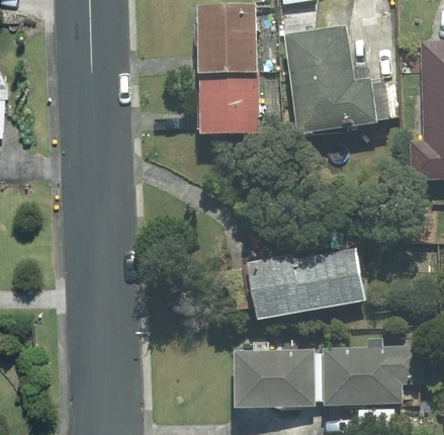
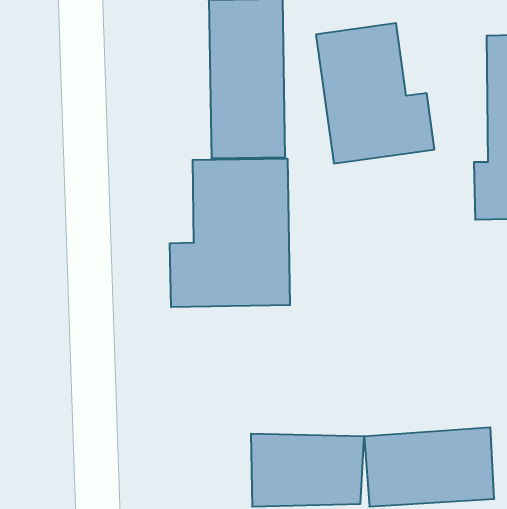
building: none -> [170,159,290,307]
building: [246,246,374,320] -> none

